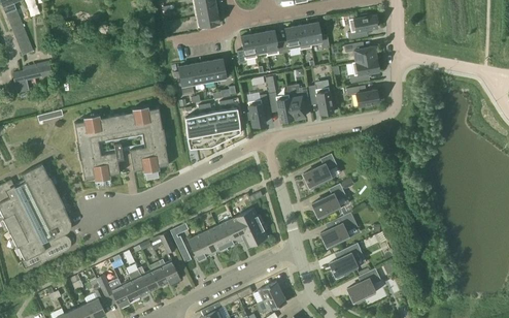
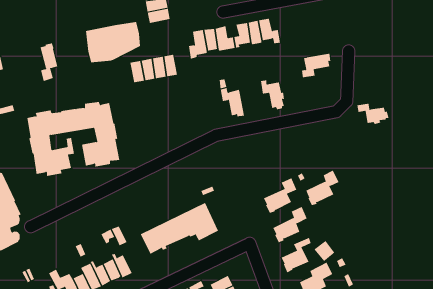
building: [348,13,378,39] -> none
building: [344,42,379,62] -> none
building: none -> [40,42,58,82]
building: [348,86,381,107] -> [357,103,390,125]
building: [289,87,309,121] -> none
building: [248,94,269,128] -> none
building: [185,108,241,150] -> [85,22,141,63]
building: [304,153,338,189] -> [305,170,339,206]

